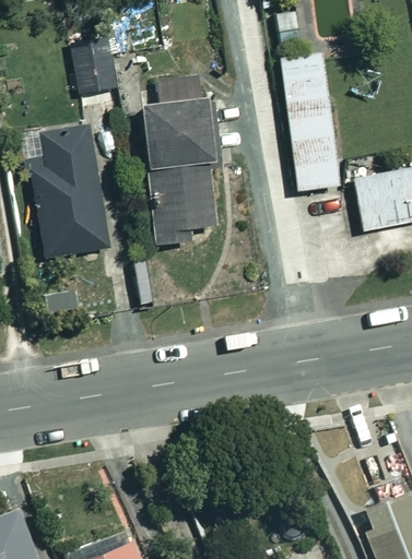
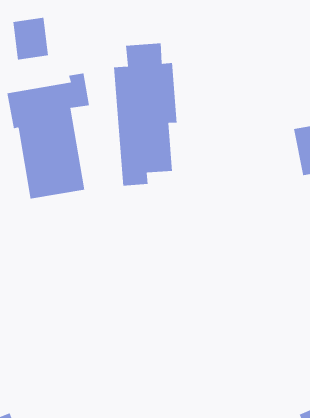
building: [281,52,340,189] -> none
building: [74,58,117,108] -> [12,17,49,60]

